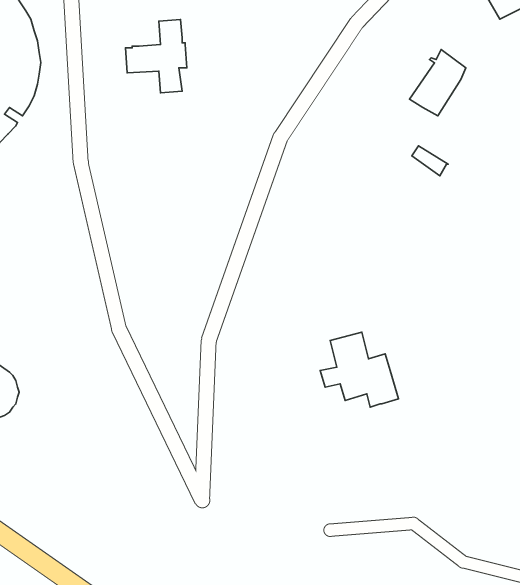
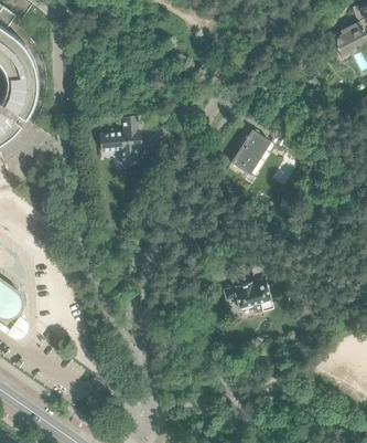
building: [125,20,187,93] -> [99,116,140,165]
building: [409,49,466,116] -> [230,130,268,175]

